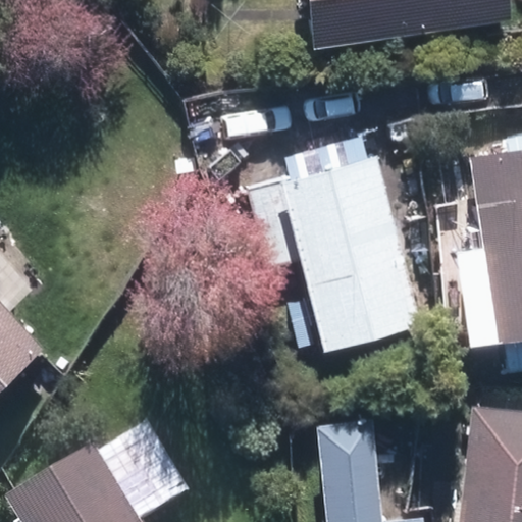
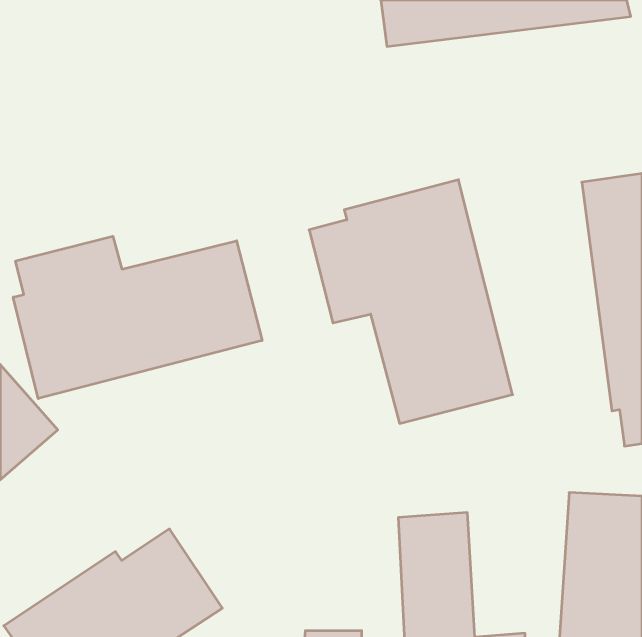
building: none -> [13,236,262,399]

